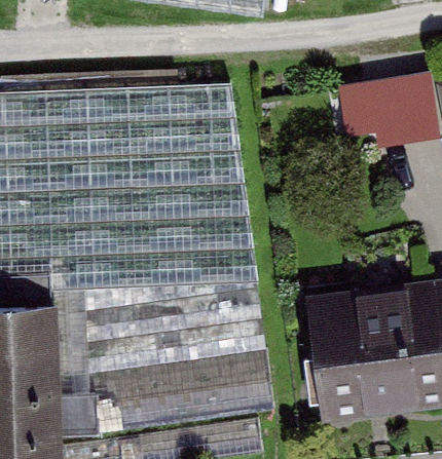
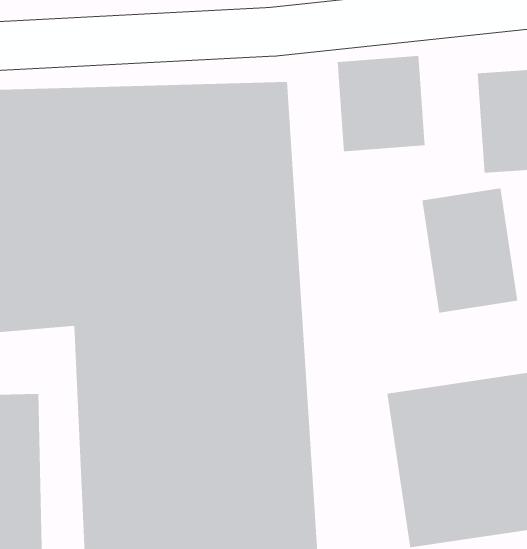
building: none -> [337,55,425,152]
building: none -> [422,188,518,314]

